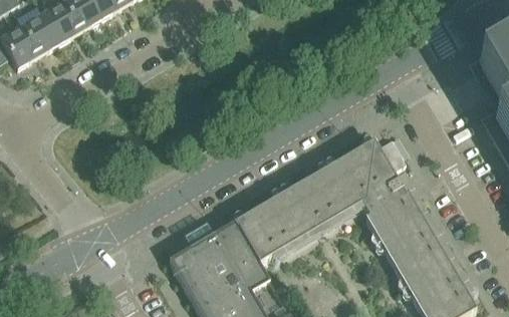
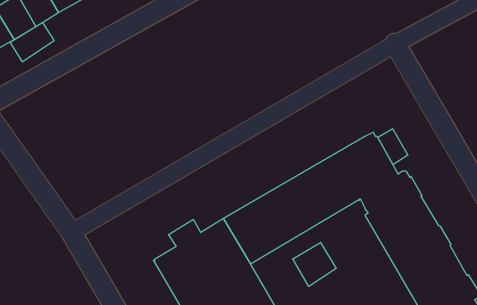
building: none -> [10,23,54,62]
building: none -> [293,242,336,286]

